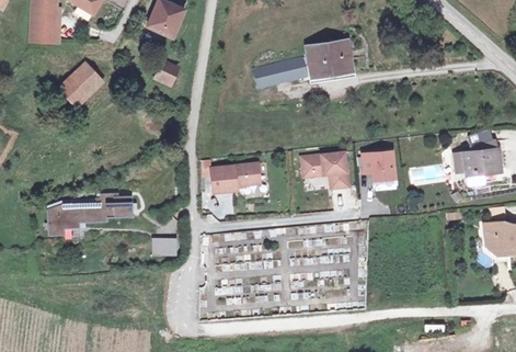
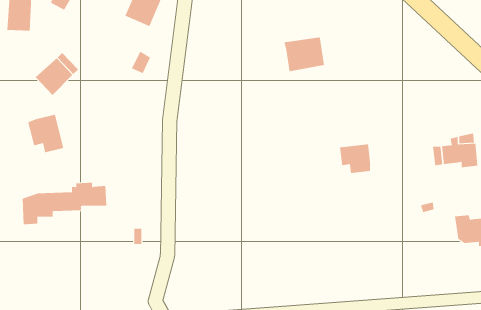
building: [254,58,313,89] -> none
building: none -> [28,114,64,153]
building: [301,154,348,191] -> none
building: [210,164,260,194] -> none

